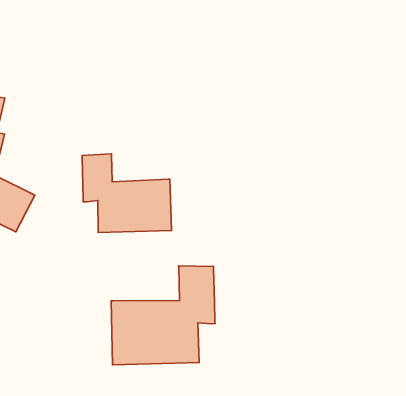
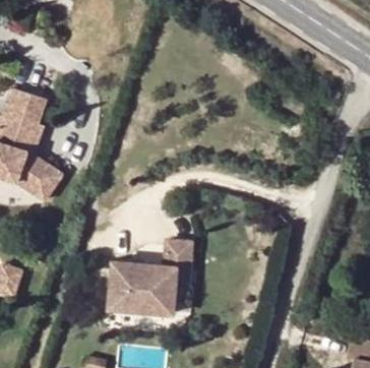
building: [82,154,171,233] -> none

